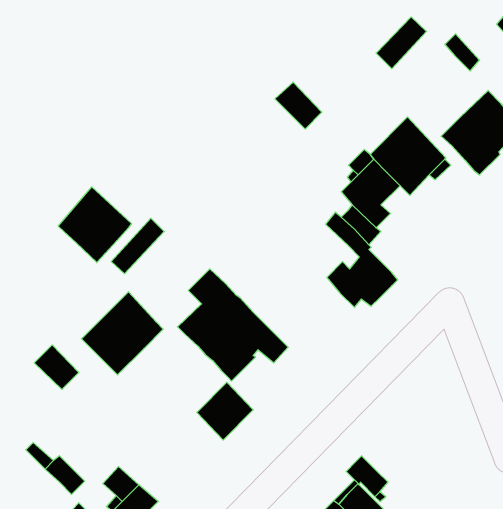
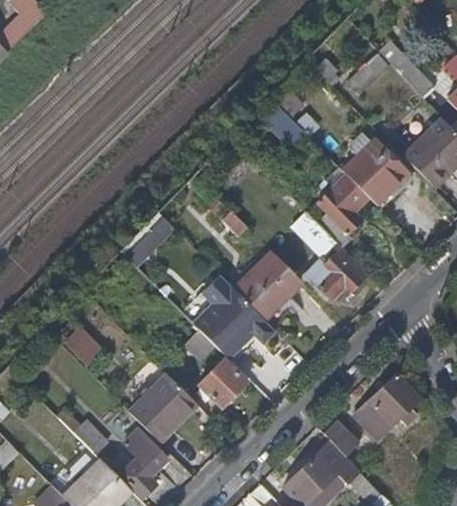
building: [58,187,131,263] -> none
building: none -> [235,252,302,321]
building: [81,292,163,375] -> [129,373,197,442]
building: none -> [355,373,419,434]

